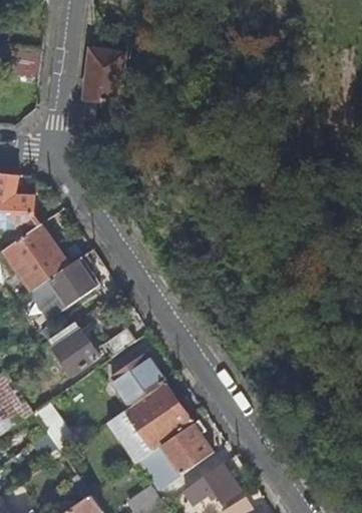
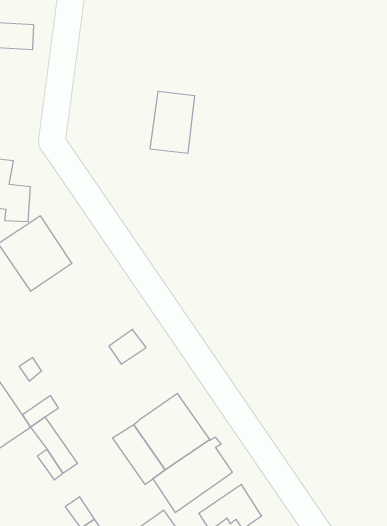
building: [83,50,123,105] -> [150,91,195,153]
building: [32,249,107,318] -> none
building: [49,322,98,374] -> none
building: [110,354,163,405] -> none

